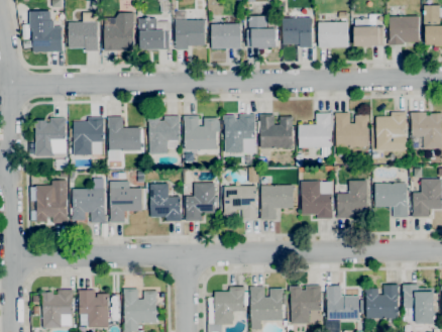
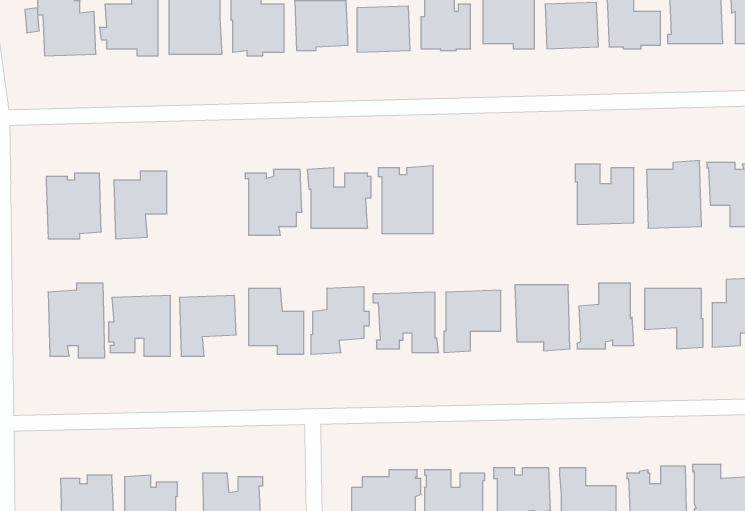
building: [299,113,332,156] -> none
building: [258,114,294,148] -> none
building: [109,116,141,150] -> none

